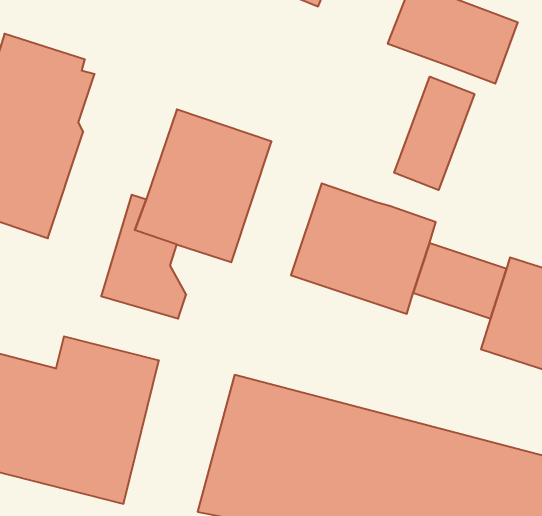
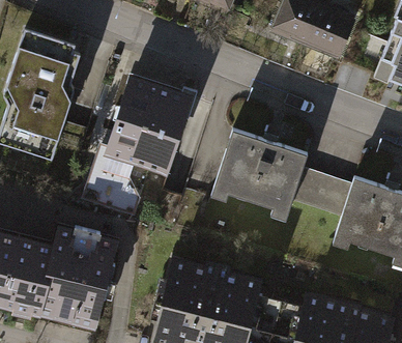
building: [394,77,474,190] -> none

